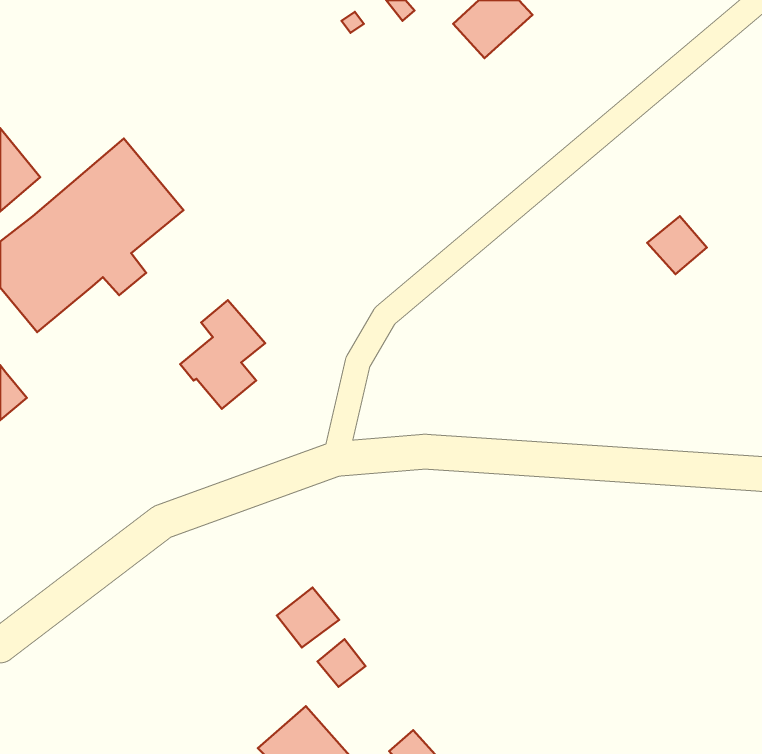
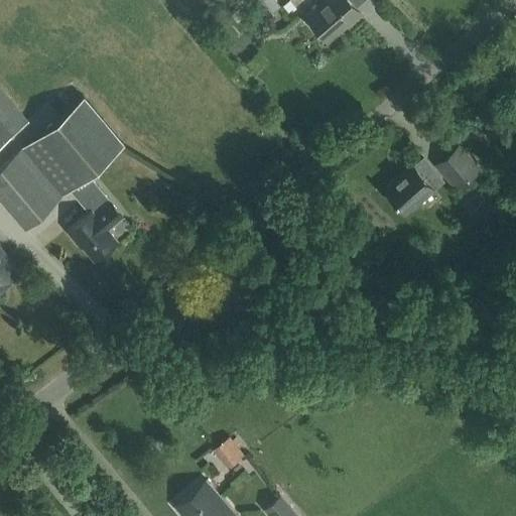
building: none -> [385,163,441,216]
building: [180,300,265,409] -> [67,189,124,263]
building: [277,588,339,647] -> none

